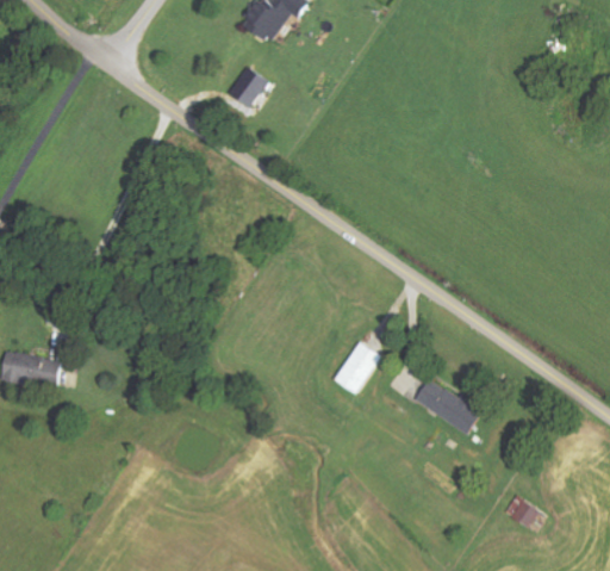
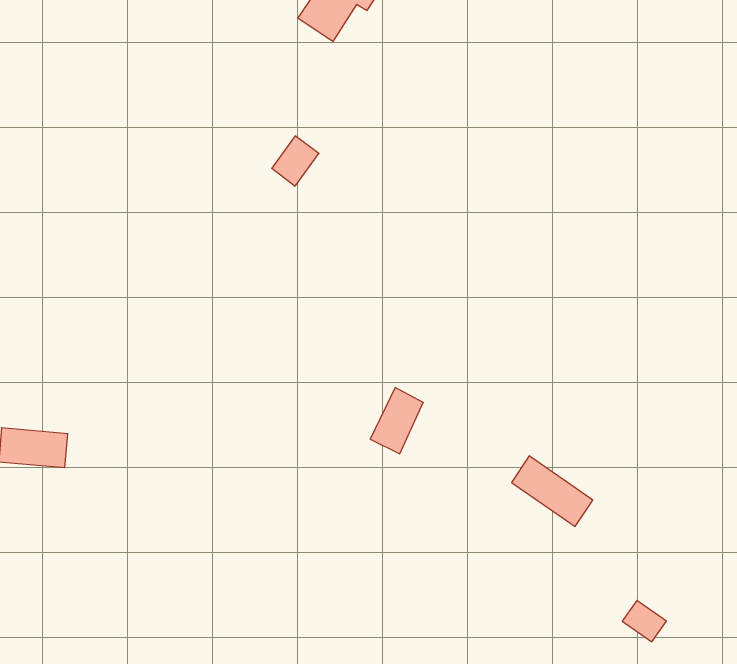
building: [228,66,266,106] -> [272,136,319,186]
building: [335,340,378,393] -> [370,388,423,454]

